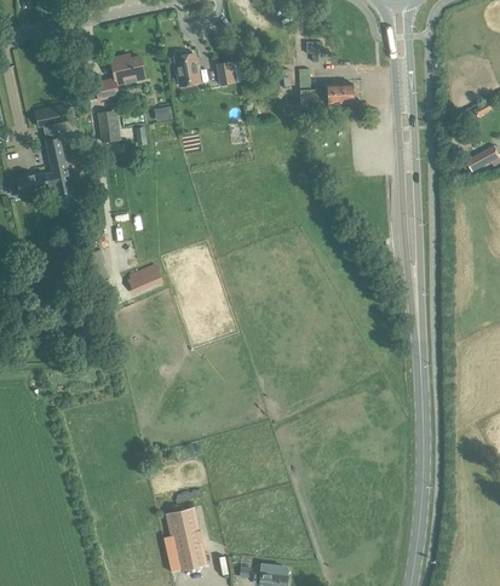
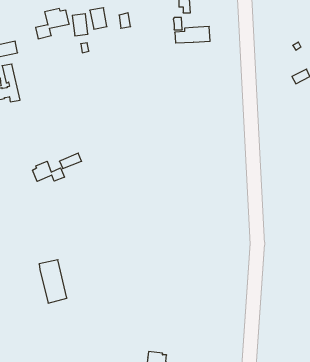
building: [97,109,120,142] -> [72,14,88,36]
building: none -> [33,161,64,181]
building: [165,507,206,571] -> [39,260,67,303]

